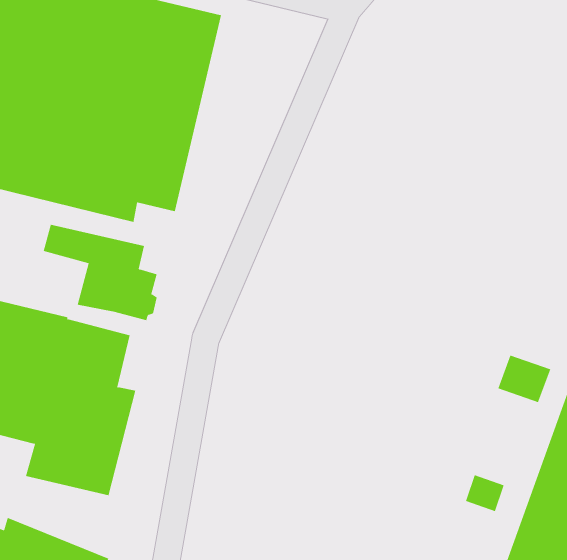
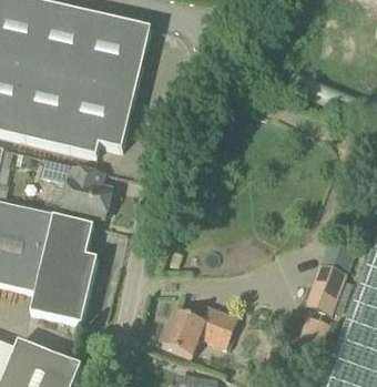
building: none -> [304,262,346,314]
building: none -> [163,304,237,354]

